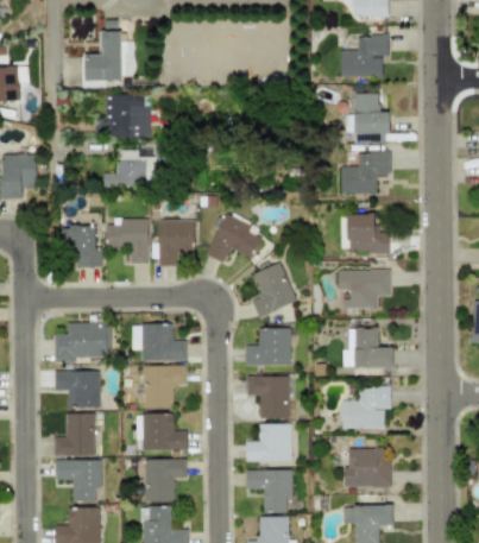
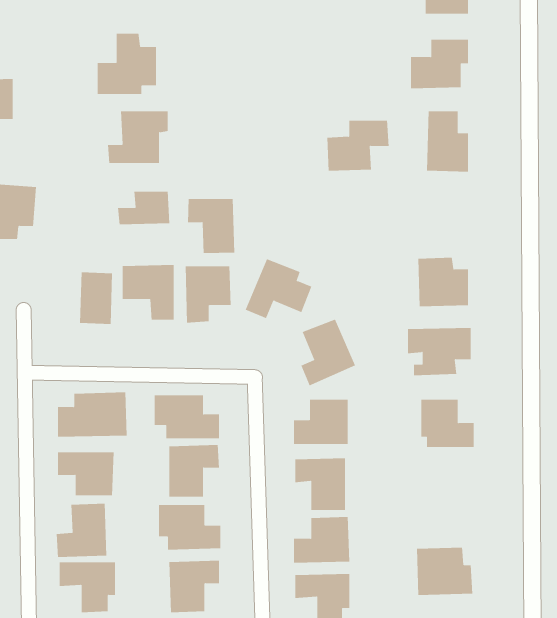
building: [341,152,392,194] -> [326,120,389,171]
building: none -> [187,198,235,254]
building: [342,387,392,428] -> none

